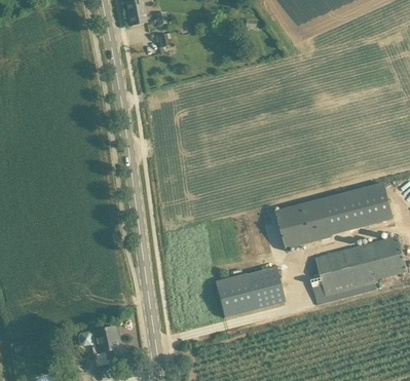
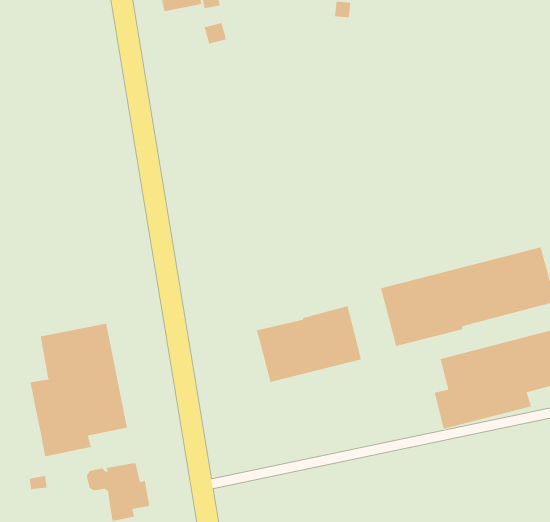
building: none -> [30,323,127,457]
building: [215,265,286,316] -> [256,306,362,382]

